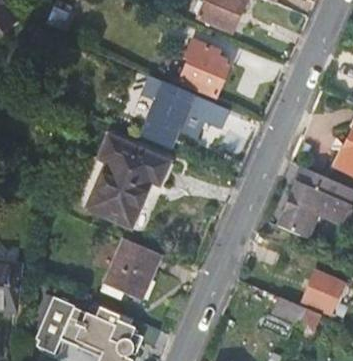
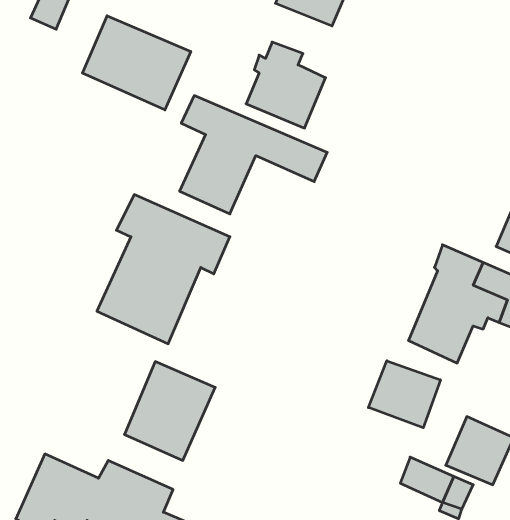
building: none -> [82,16,191,110]
building: none -> [368,361,440,428]

